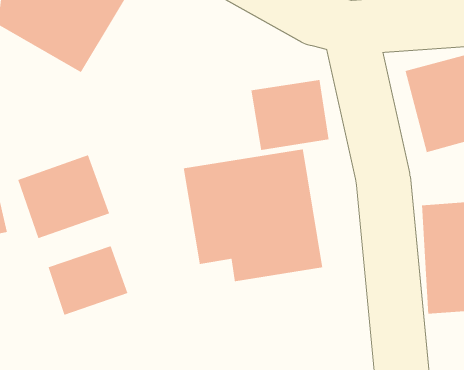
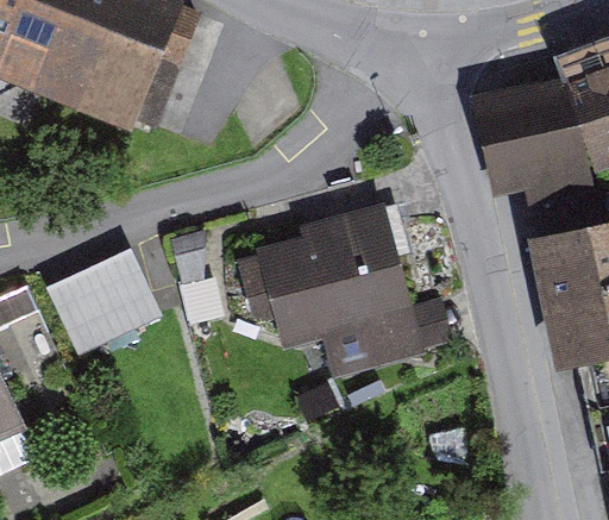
building: [251,79,329,151] -> none
building: [47,245,128,316] -> none

